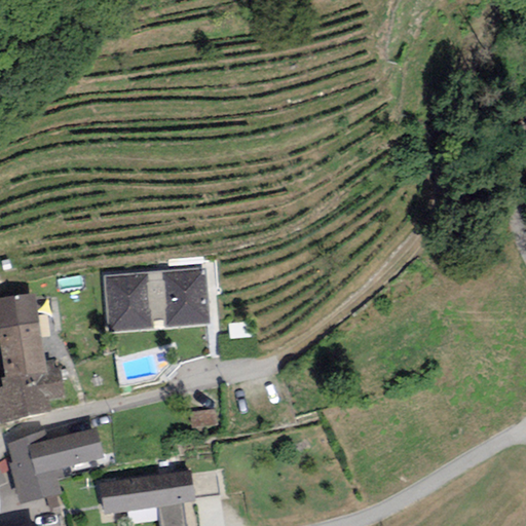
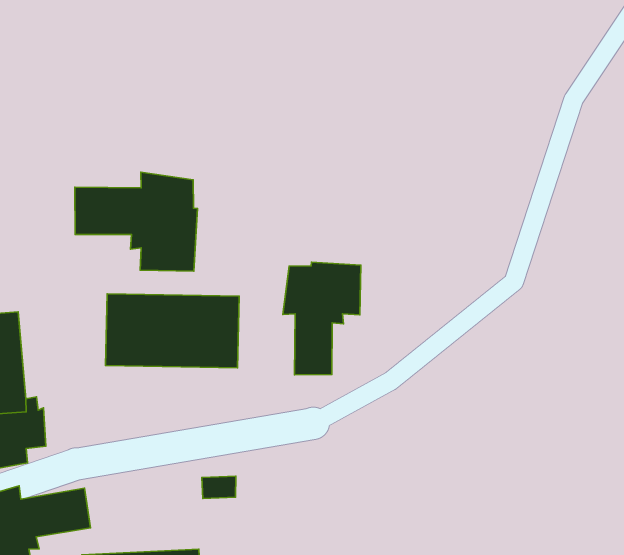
building: none -> [75,172,198,271]
building: none -> [283,262,361,375]

